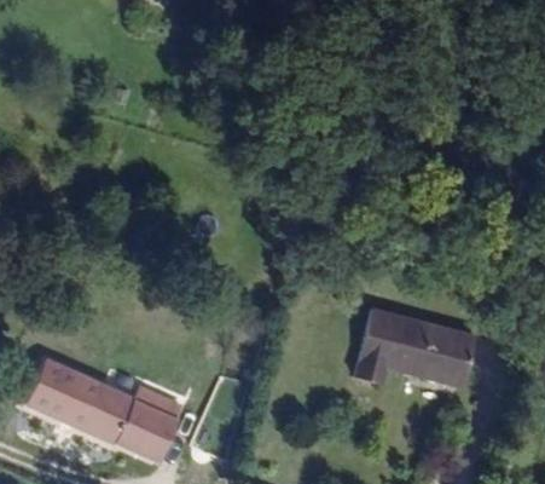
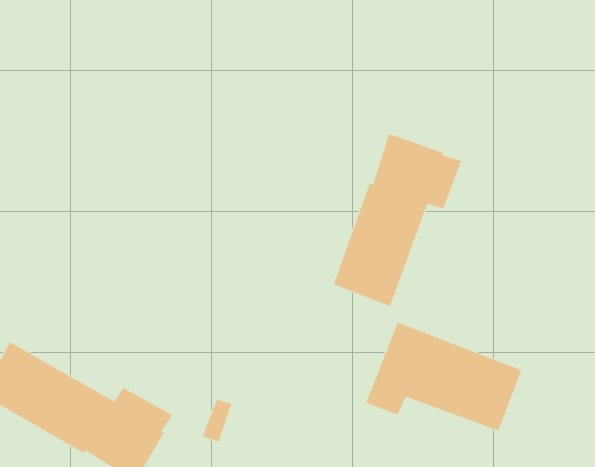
building: none -> [333,133,462,307]

